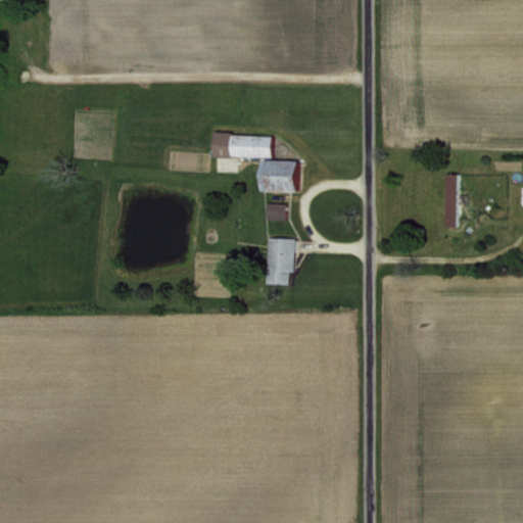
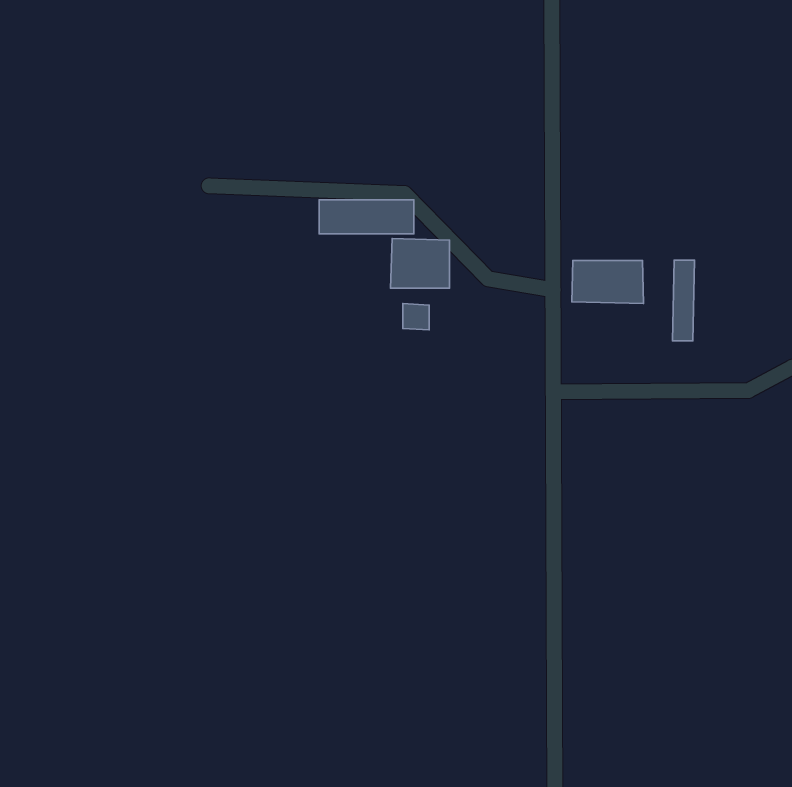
building: none -> [572,261,644,303]
building: [266,239,294,285] -> none

